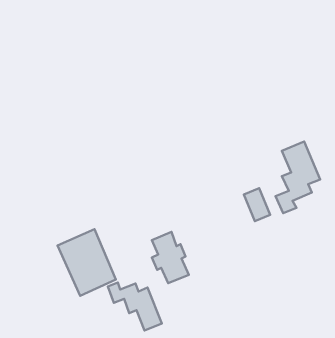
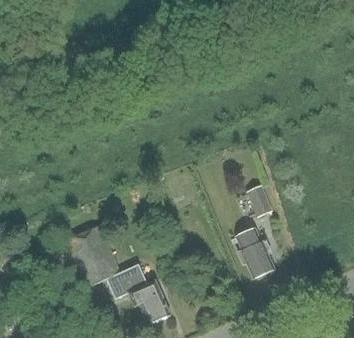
building: [276,142,320,213] -> none
building: [152,232,189,283] -> [237,229,273,279]

